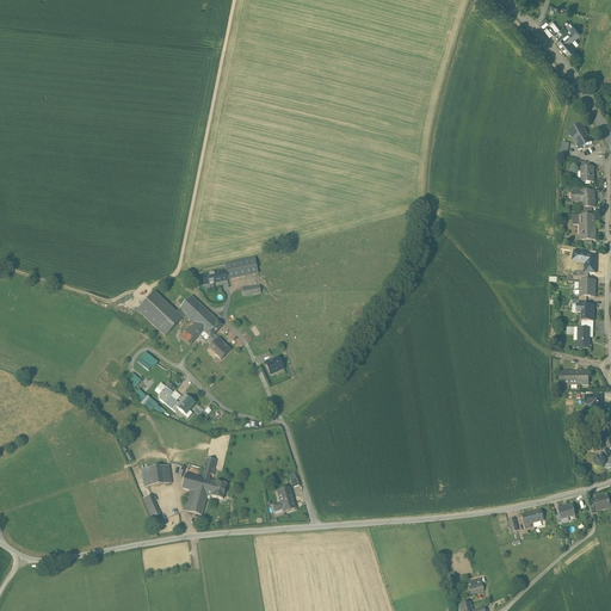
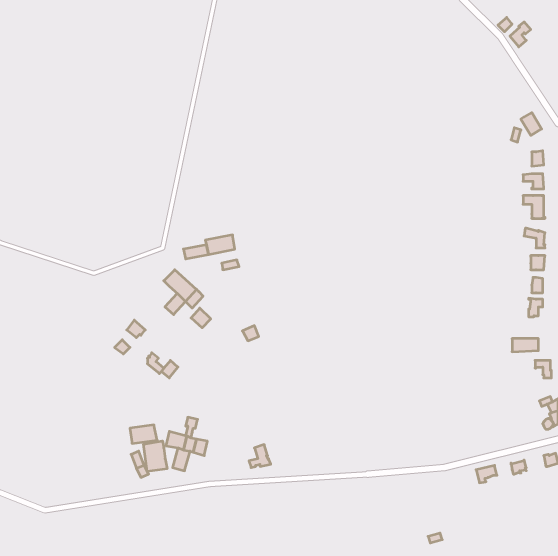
building: [137,290,185,334] -> none
building: none -> [144,441,167,471]

